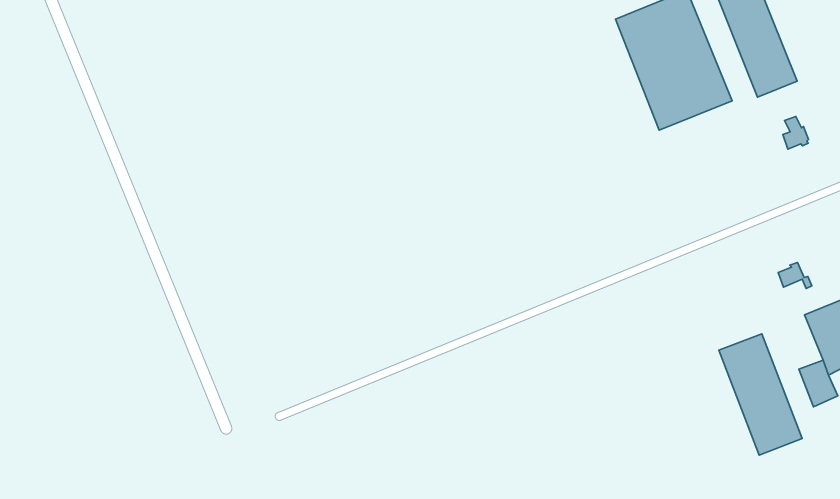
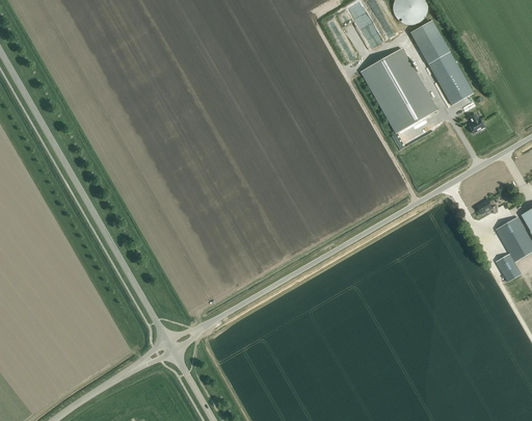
building: [719,334,802,455] -> none

